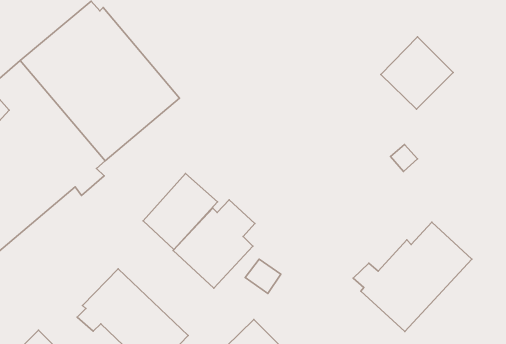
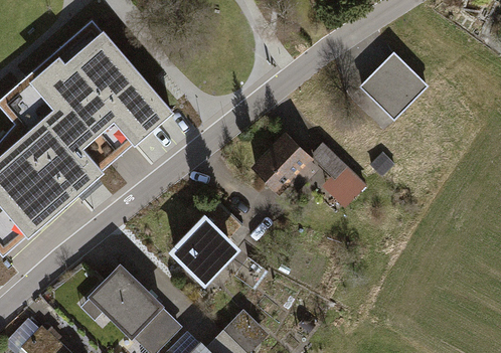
building: none -> [249,134,368,213]
building: [143,174,218,249] -> none
building: [353,222,472,331] -> none

